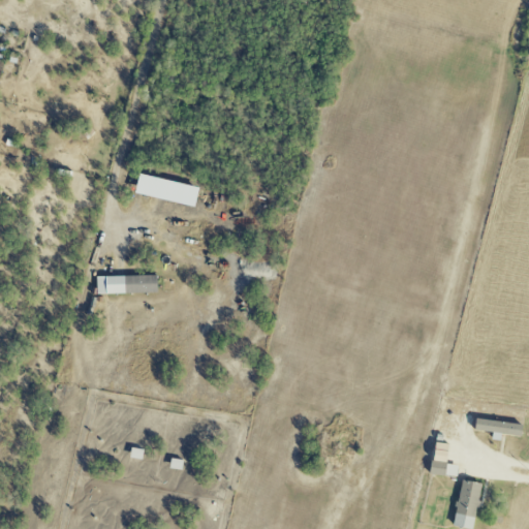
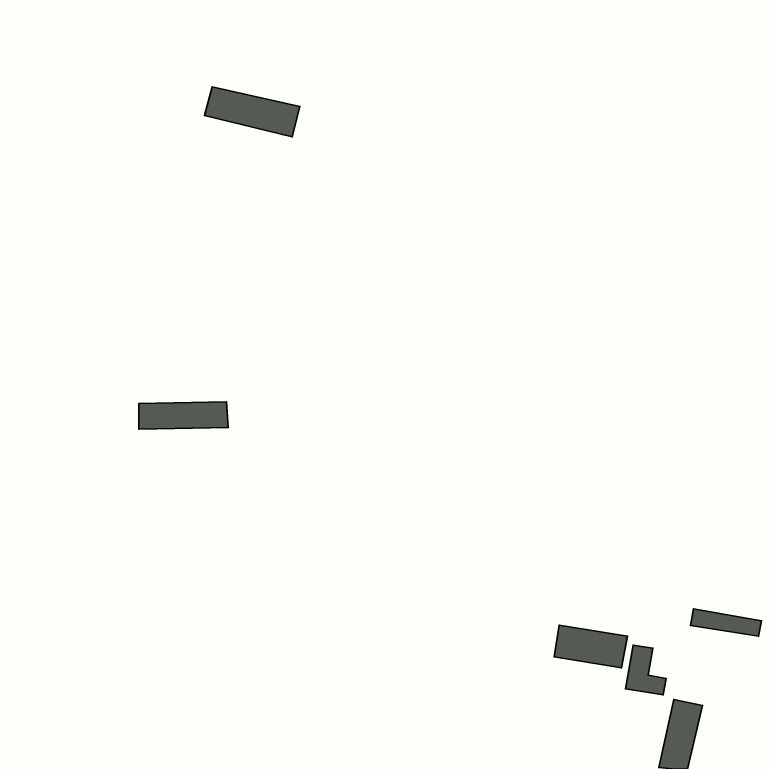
building: [134,173,199,207] -> [205,87,300,137]
building: none -> [554,625,627,668]

